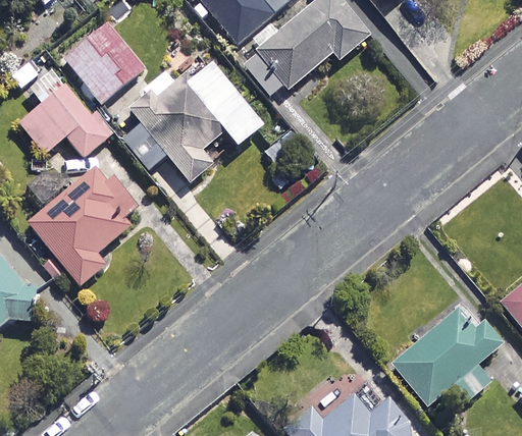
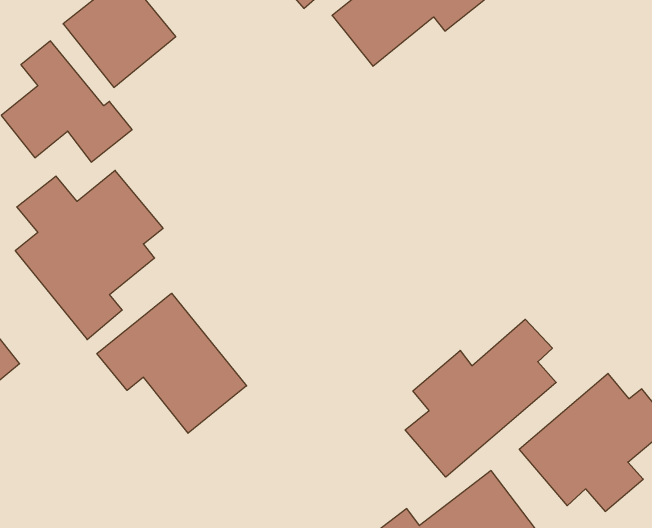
building: [119,60,263,185] -> none
building: none -> [97,293,247,433]
building: none -> [405,319,556,477]

